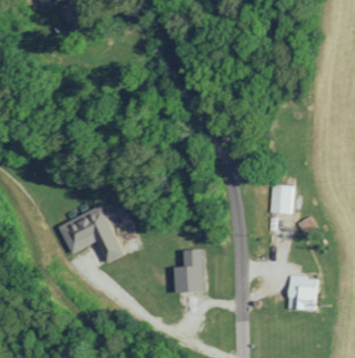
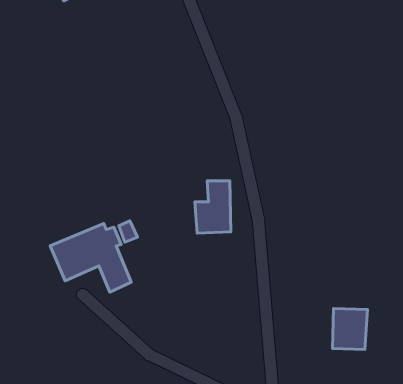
building: [270,185,293,214] -> none
building: [174,250,204,293] -> [195,181,231,233]

